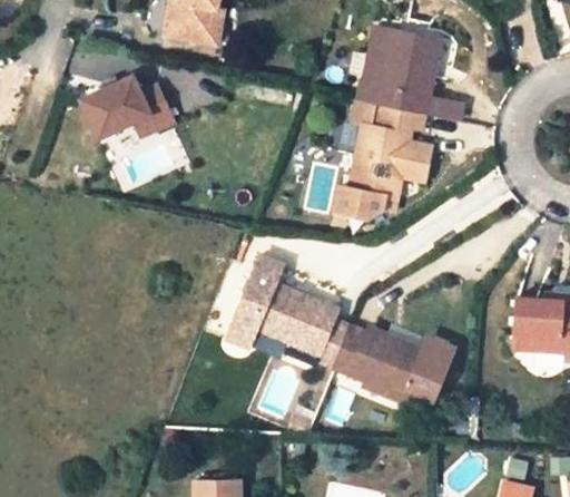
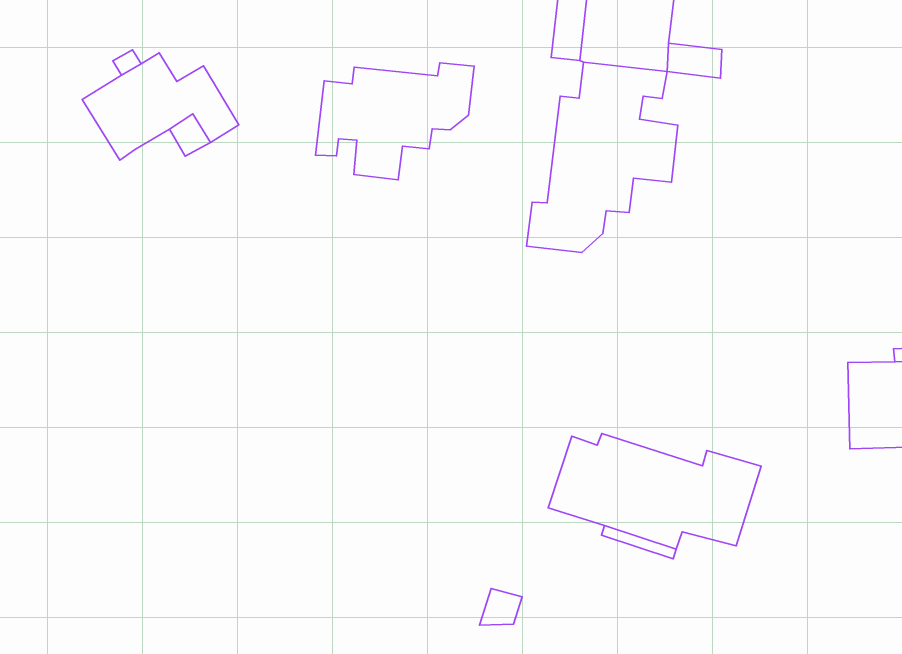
building: none -> [315,63,474,180]
building: [227,253,350,368] -> none

